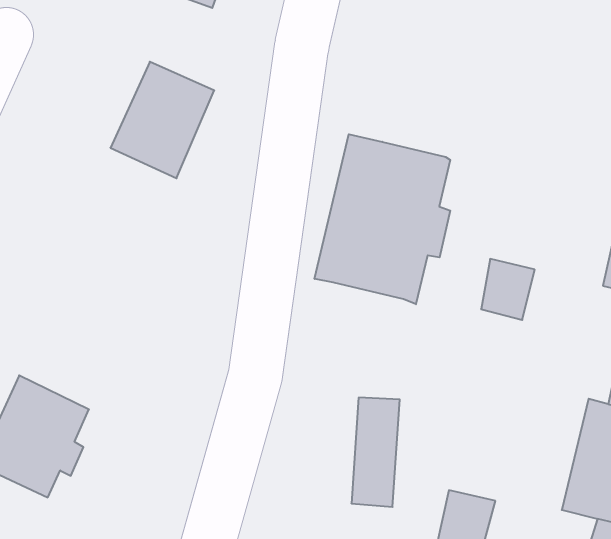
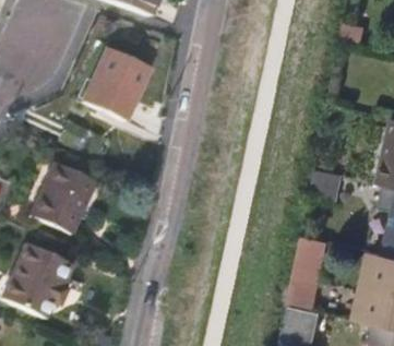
building: [315,134,450,304] -> none
building: none -> [23,160,91,238]
building: [351,398,400,507] -> [292,237,322,303]

